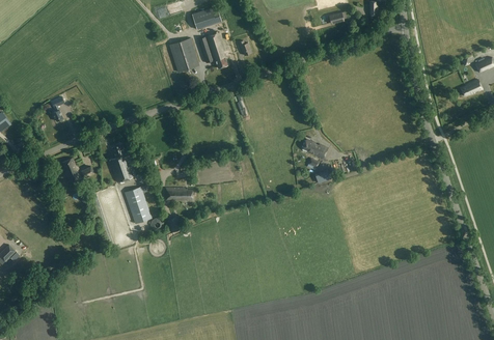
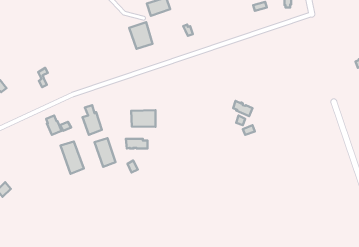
building: [199,32,228,68] -> none
building: none -> [131,110,155,127]
building: none -> [60,141,84,174]

